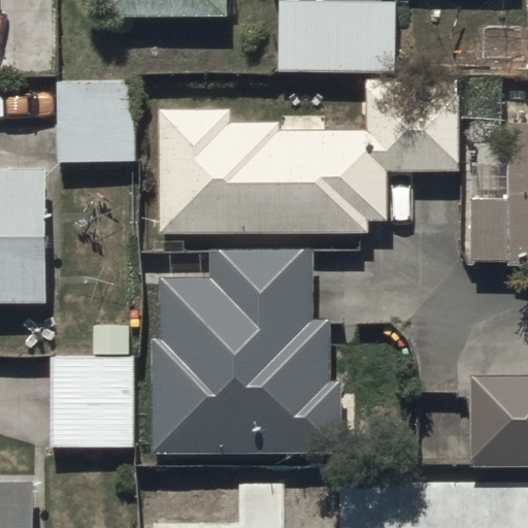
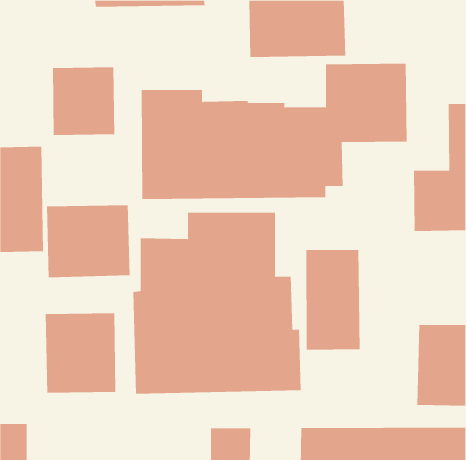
building: none -> [46,204,130,278]
building: none -> [306,249,360,350]

